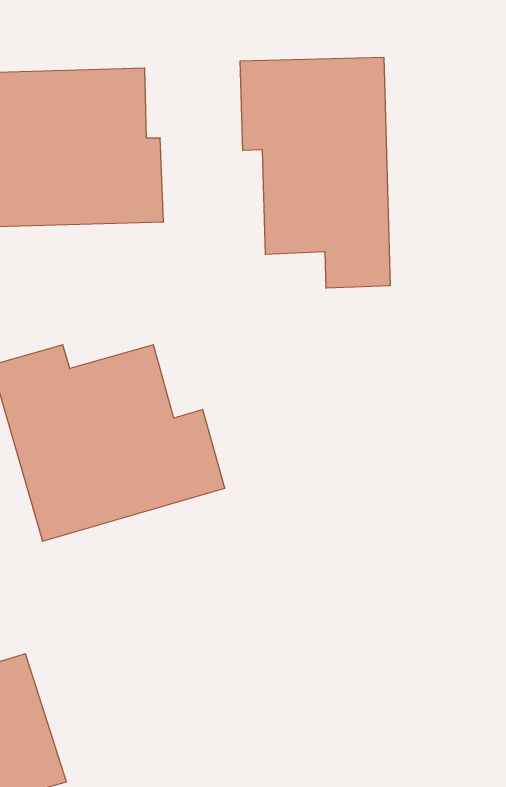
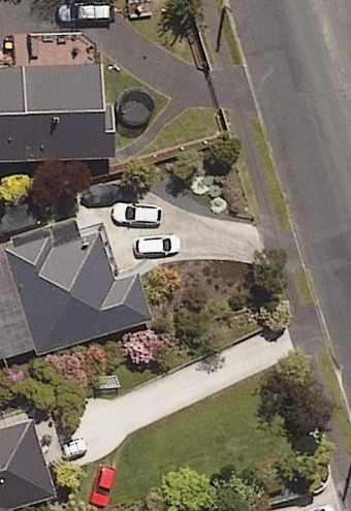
building: [240,57,390,288] -> none

